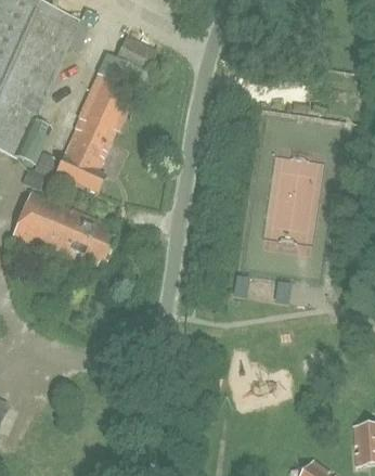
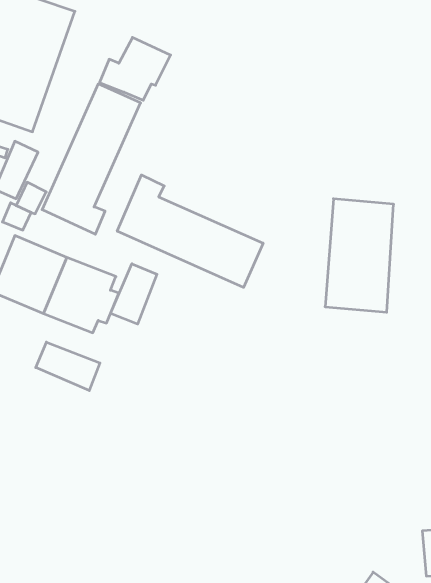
building: none -> [117,175,263,287]
building: none -> [110,264,157,324]
building: none -> [36,342,100,391]

